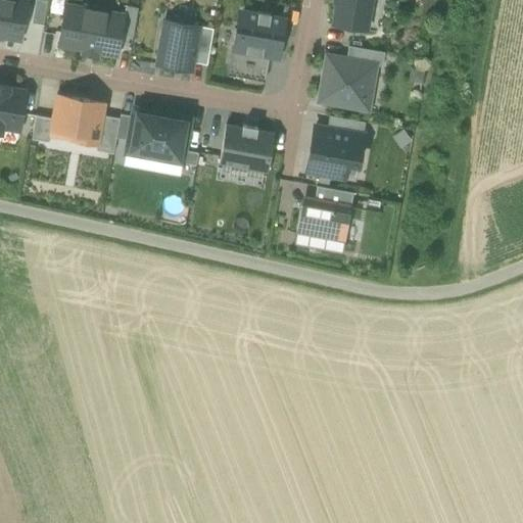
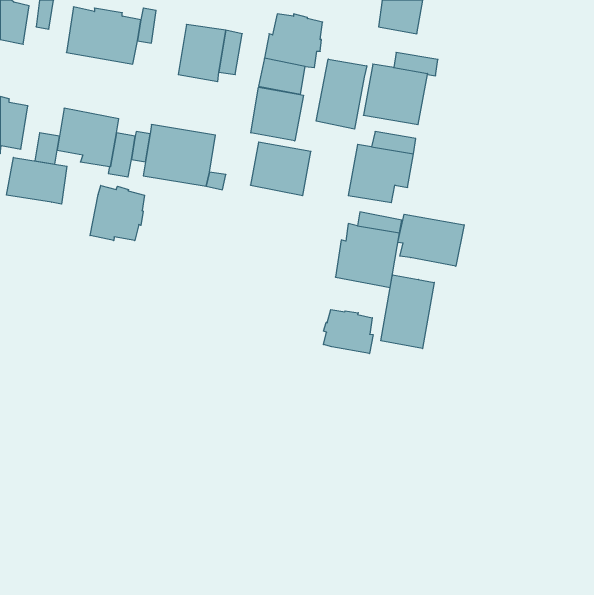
building: none -> [316,59,367,129]
building: none -> [251,87,303,141]
building: none -> [7,157,67,204]
building: none -> [90,185,145,241]
building: none -> [398,214,464,266]
building: none -> [381,275,434,349]
building: none -> [323,310,373,354]

